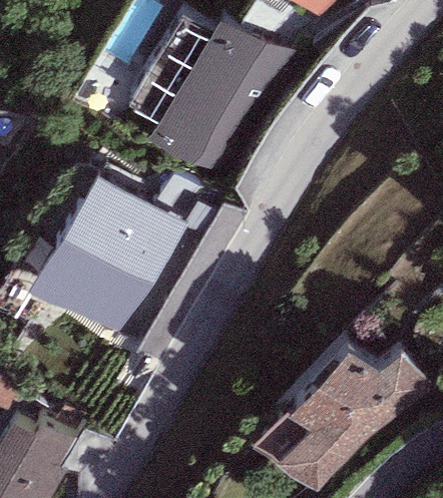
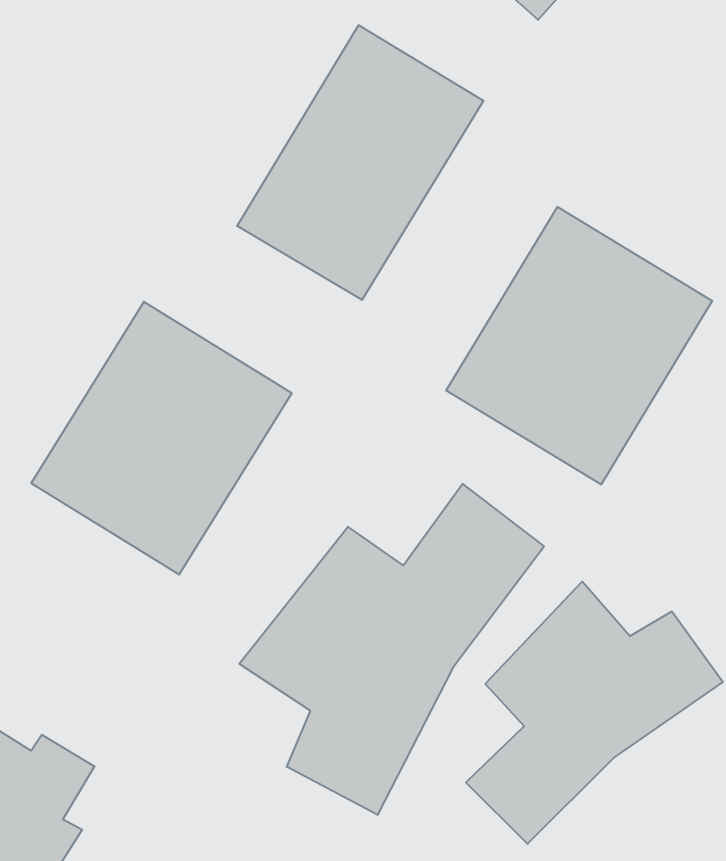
building: none -> [446,207,712,485]
building: none -> [239,484,544,815]

